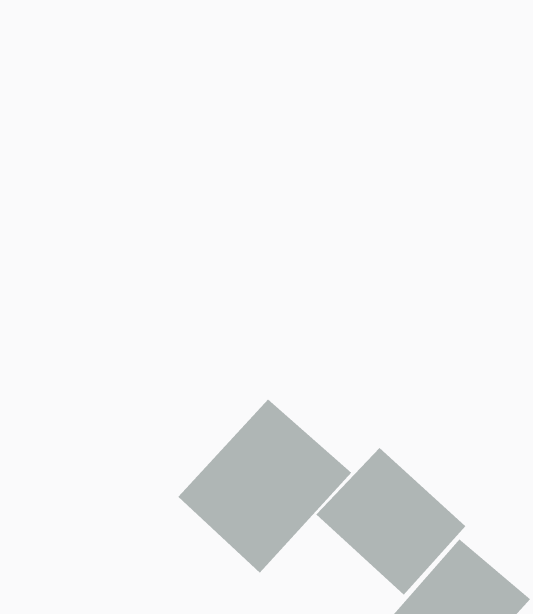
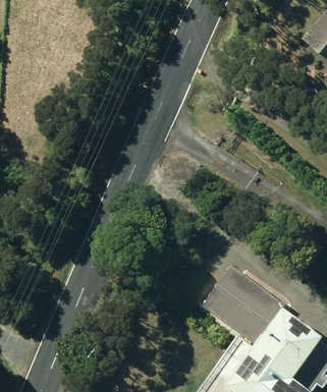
building: [178,399,352,574] -> none

